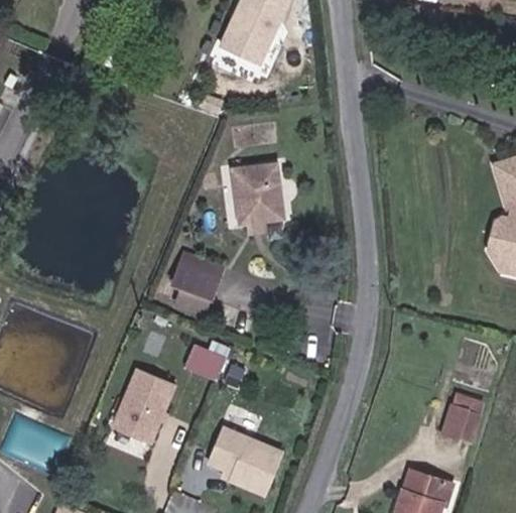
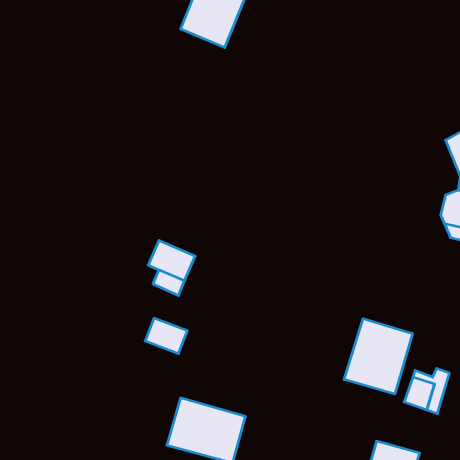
building: [238,165,287,222] -> none
building: none -> [344,319,412,394]
building: [118,376,182,454] -> none

